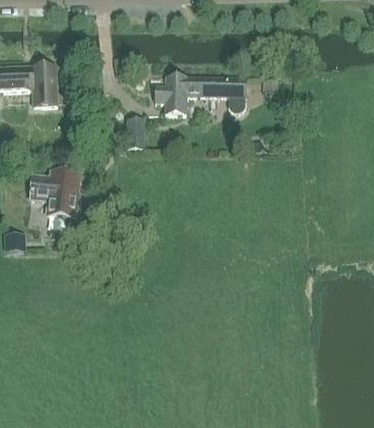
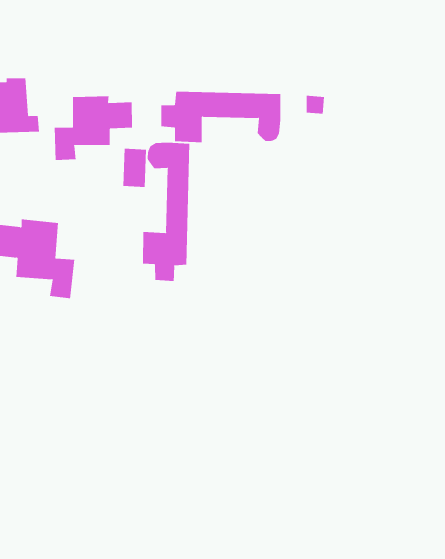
building: none -> [54,95,133,161]
building: none -> [143,142,190,282]

